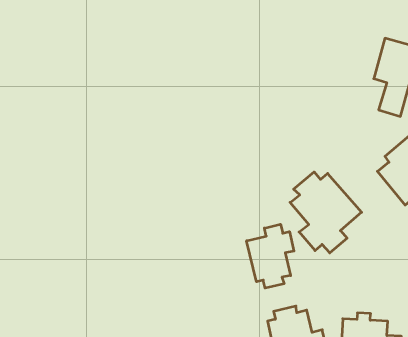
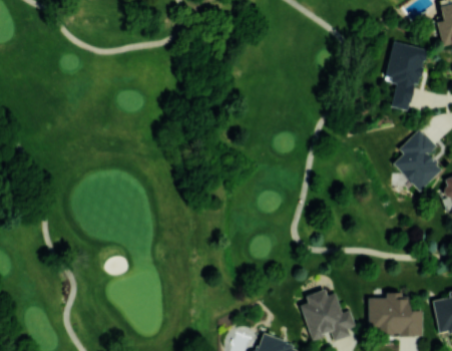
building: [290,172,362,253] -> none
building: [247,224,294,288] -> none

